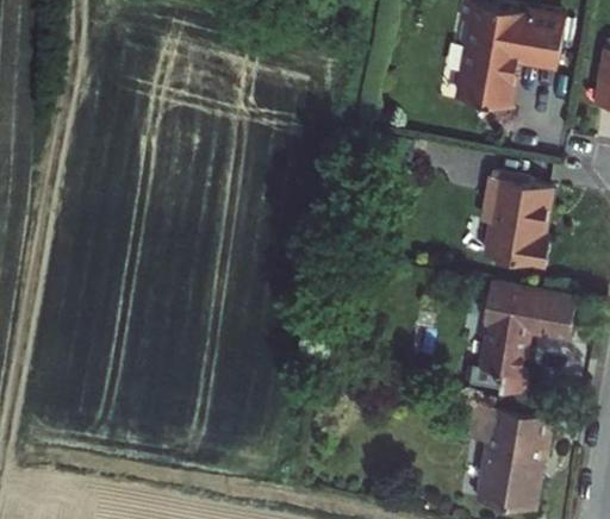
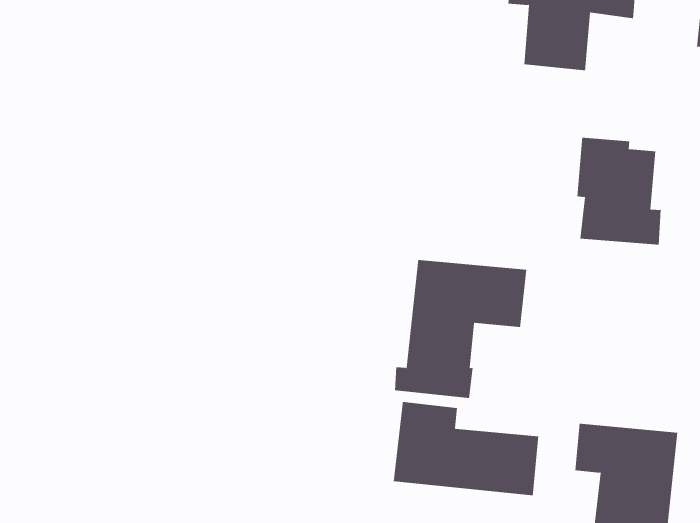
building: [463,279,578,394] -> [394,259,527,399]
building: none -> [393,401,539,496]

